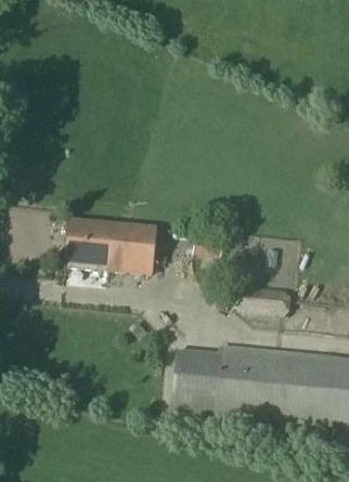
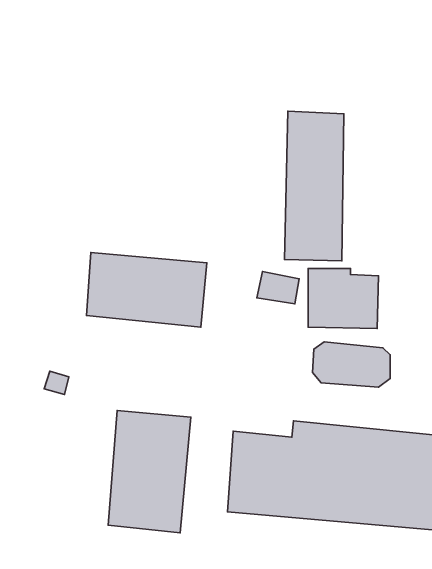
building: none -> [284,111,344,261]
building: none -> [108,411,191,533]

